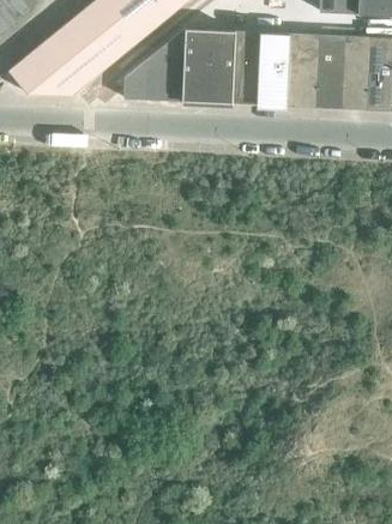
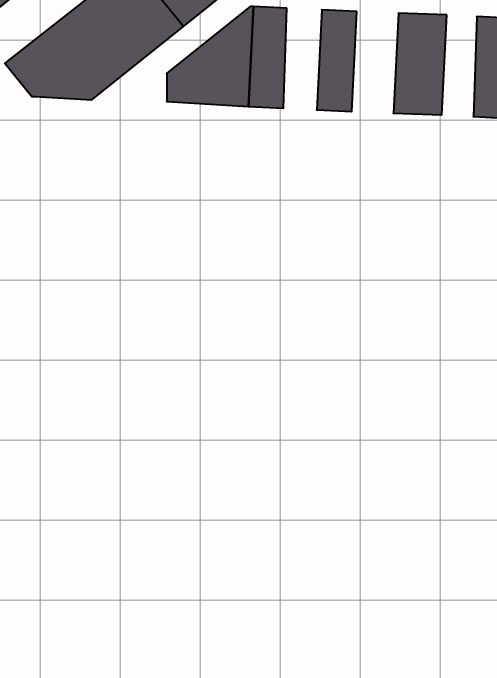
building: [207,29,235,102] -> none
building: [257,31,290,104] -> none
building: [321,34,346,107] -> none

